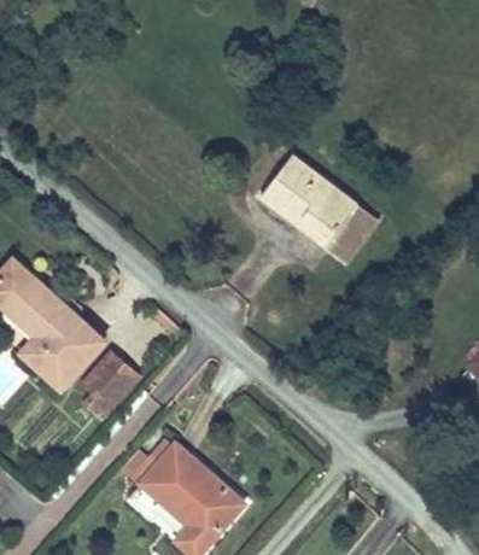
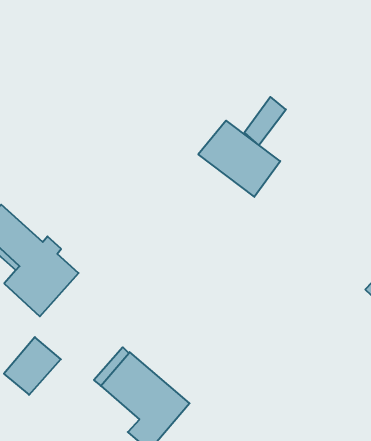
building: [328,203,380,263] -> [244,97,286,145]
building: [70,350,141,422] -> [4,337,61,395]

